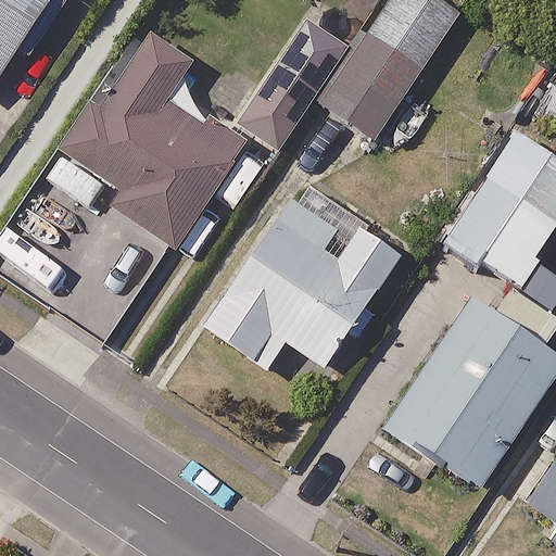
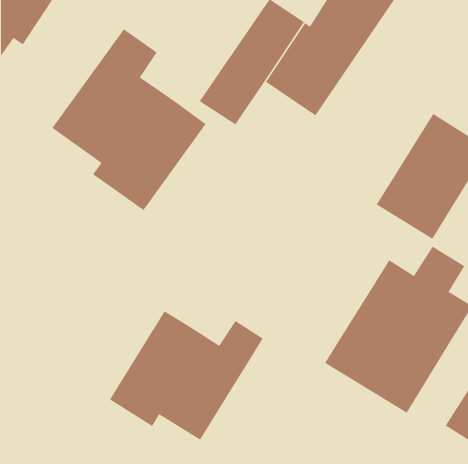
building: [204,197,399,368] -> none
building: none -> [109,311,263,441]

